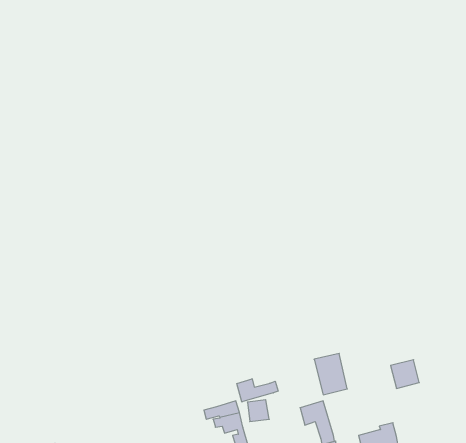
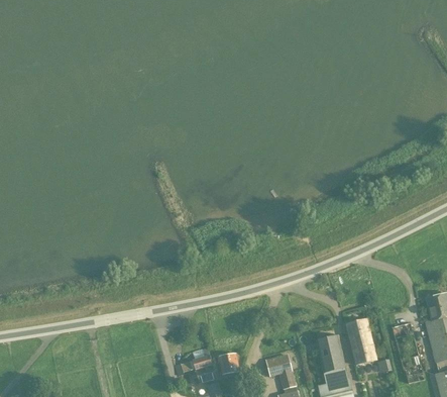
building: [314,353,347,395] -> [315,335,344,372]
building: [237,379,278,402] -> none
building: none -> [350,338,375,364]

